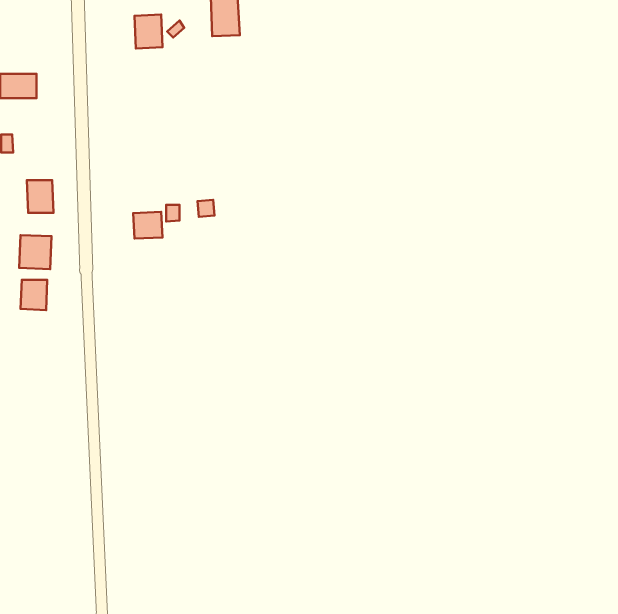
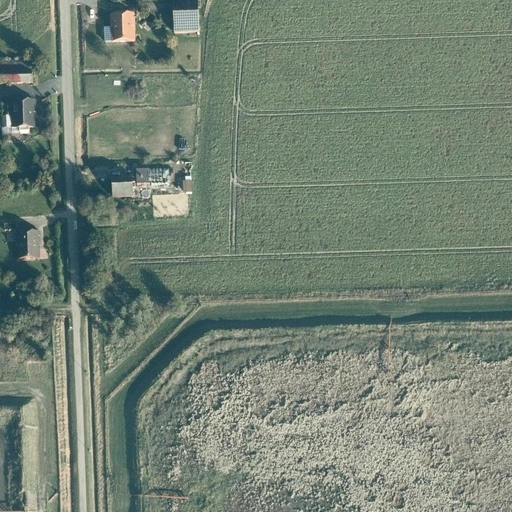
building: [27,180,54,213] -> [13,99,35,126]
building: [19,235,51,269] -> none

